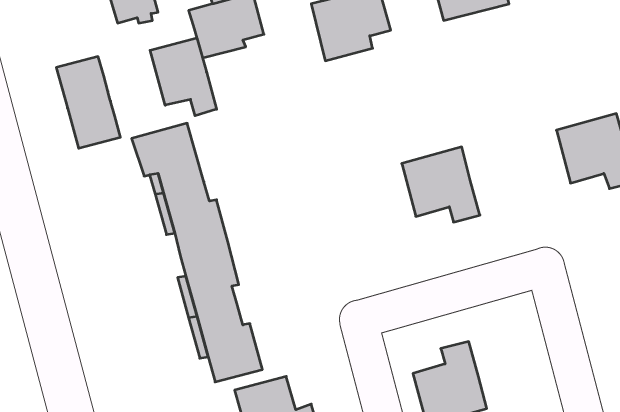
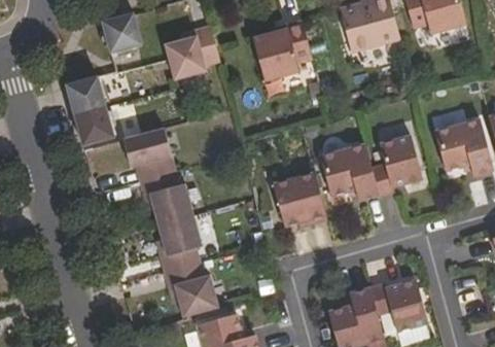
building: [150,38,217,116] -> none
building: none -> [372,136,422,195]
building: none -> [273,173,326,227]
building: none -> [370,280,427,331]

